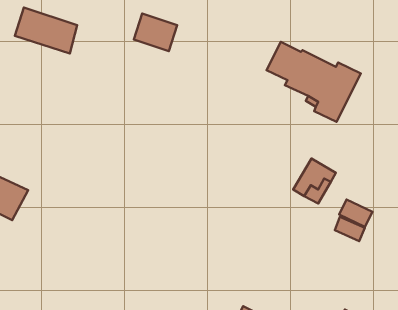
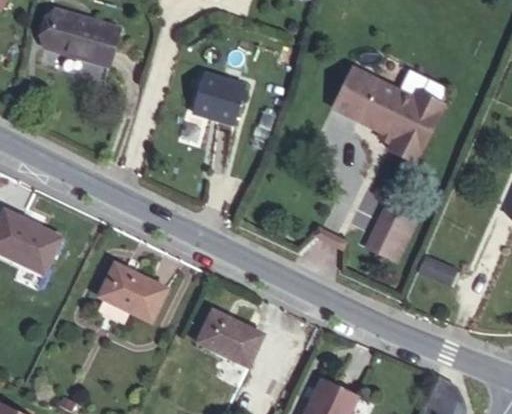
building: [134,14,177,51] -> [191,75,243,120]
building: none -> [91,264,163,323]
building: none -> [187,308,254,365]

